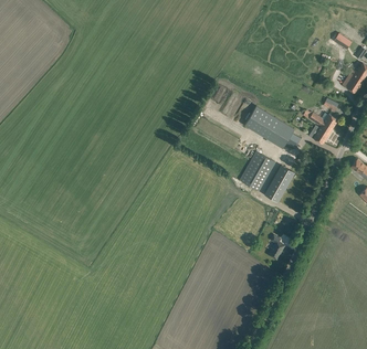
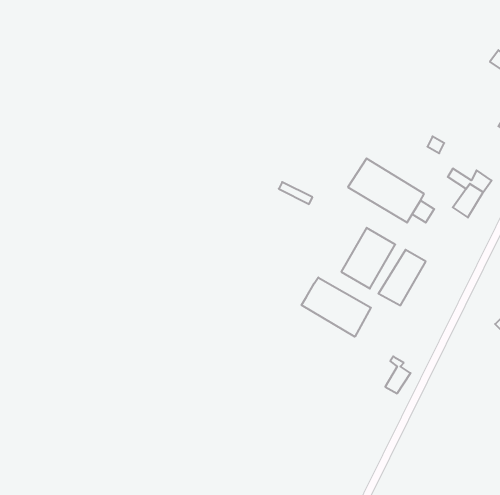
building: none -> [302,277,371,337]

